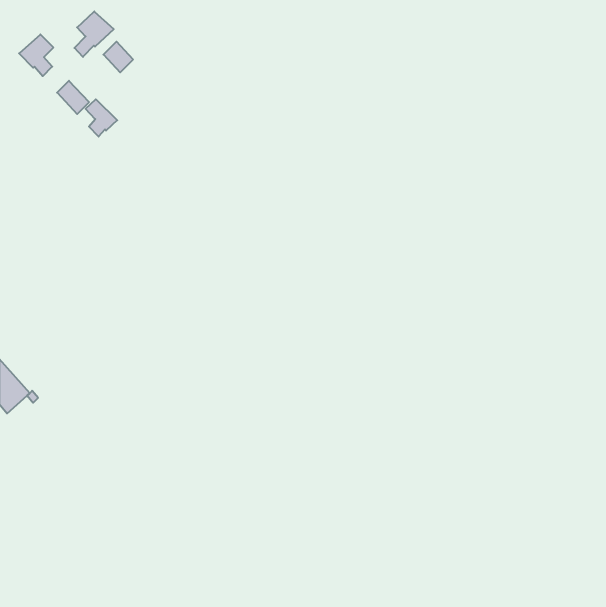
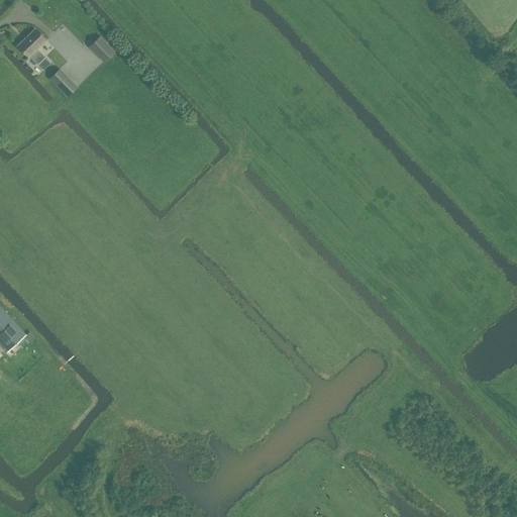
building: [74,11,114,57] -> none
building: [86,99,117,137] -> none

